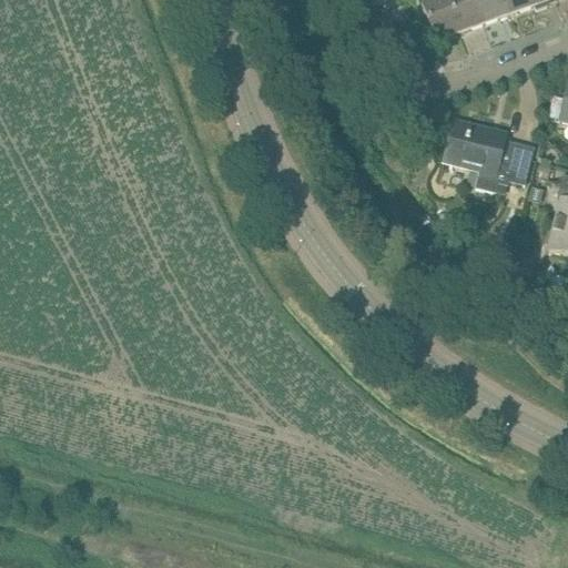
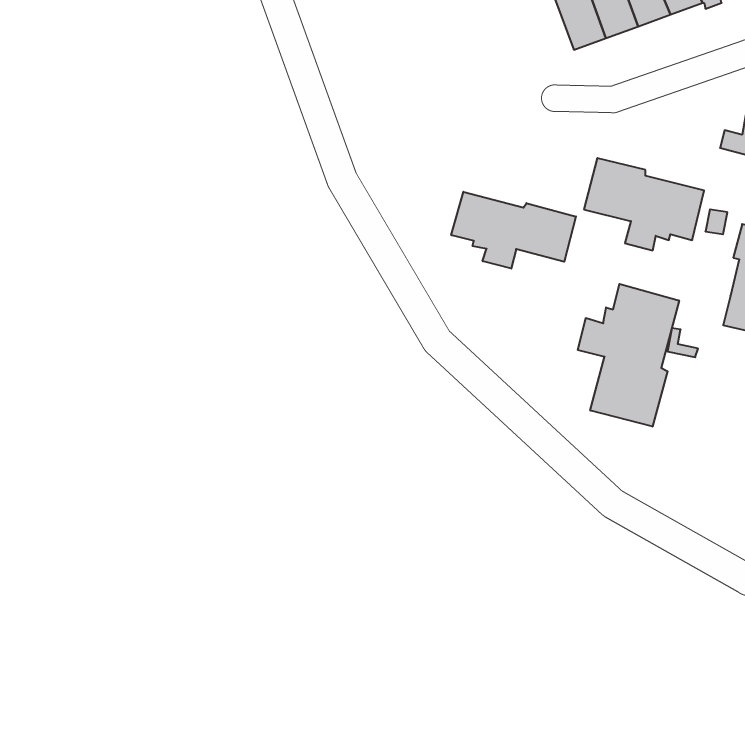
building: none -> [451,192,576,269]
building: none -> [578,284,679,427]

